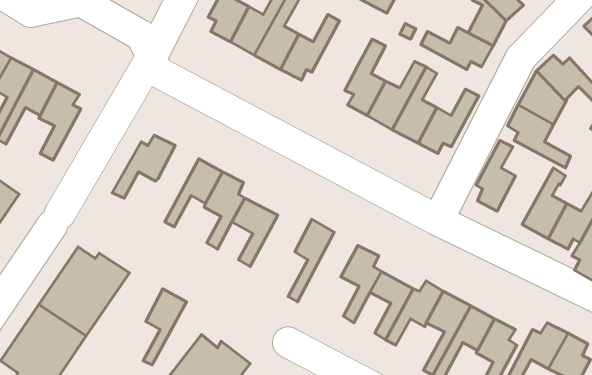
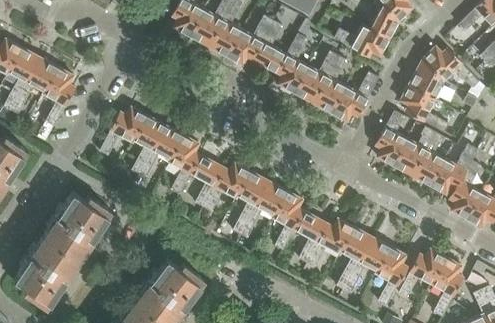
building: none -> [251,19,286,72]
building: none -> [392,126,435,174]
building: none -> [204,162,251,210]
building: none -> [240,180,286,237]
building: [143,289,186,365] -> [132,114,165,172]

